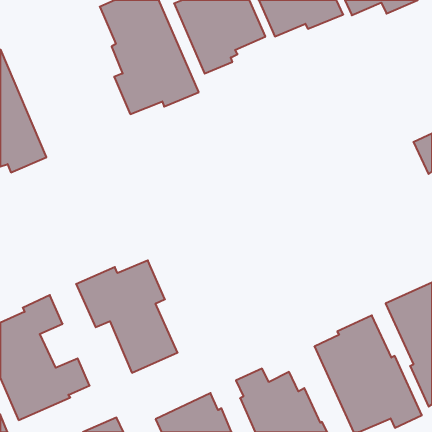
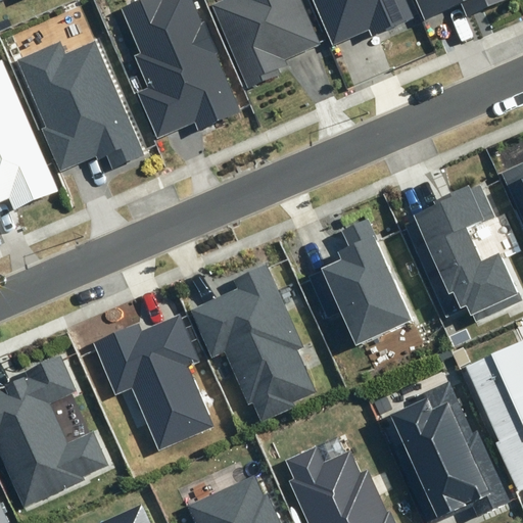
building: none -> [15,40,148,172]
building: none -> [403,186,517,319]
building: none -> [306,220,414,347]
building: none -> [191,265,317,421]

